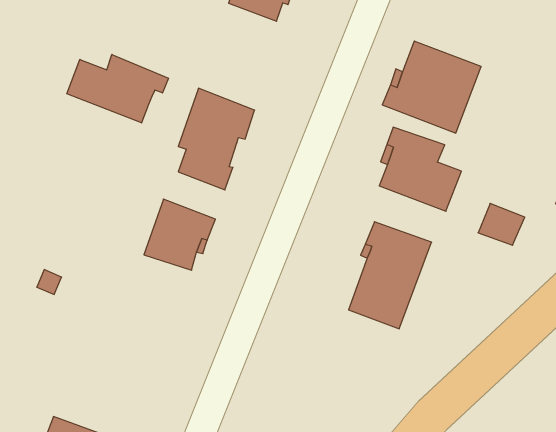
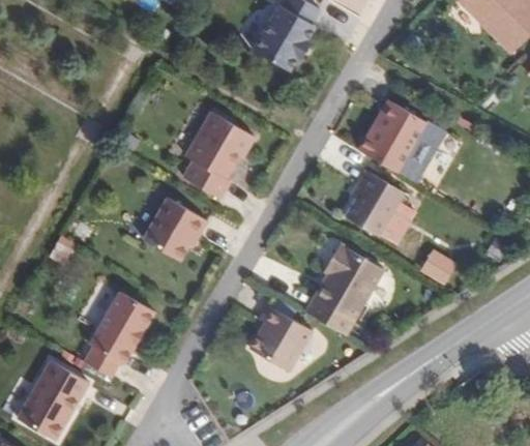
building: [67,54,168,123] -> none
building: none -> [249,305,312,370]
building: none -> [84,294,152,380]

